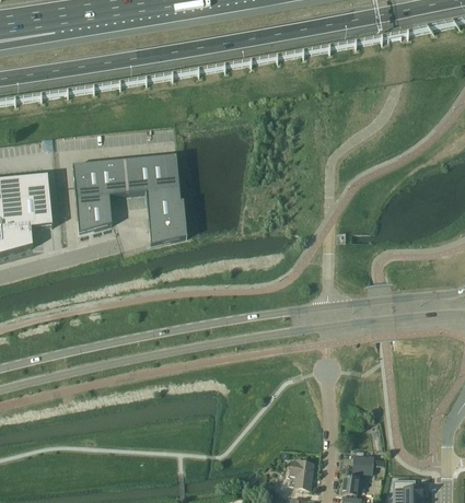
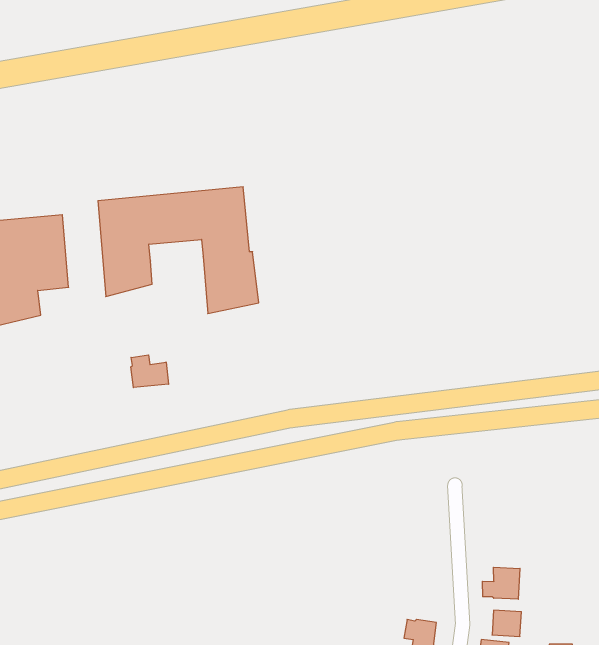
building: none -> [131,355,169,388]
building: none -> [483,567,520,599]

